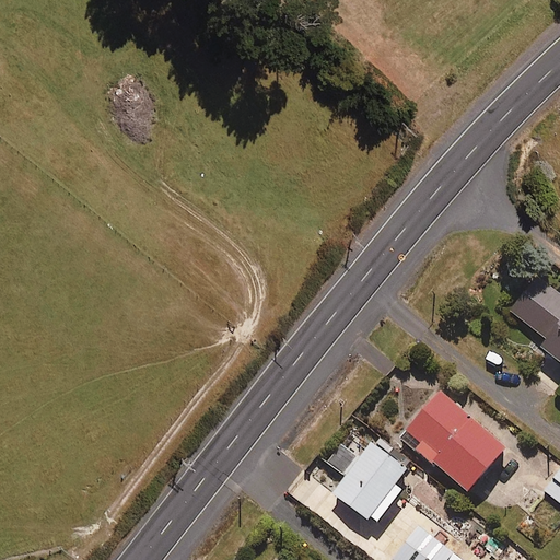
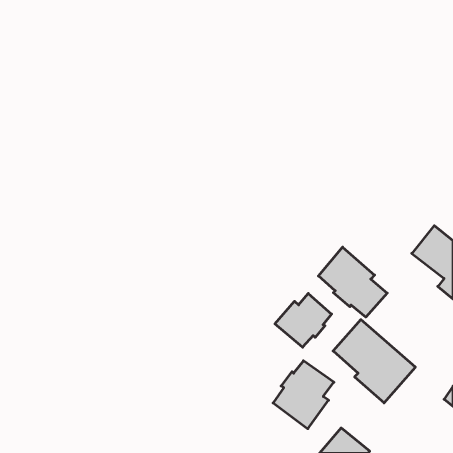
building: none -> [318,247,387,317]
building: none -> [275,293,332,347]

